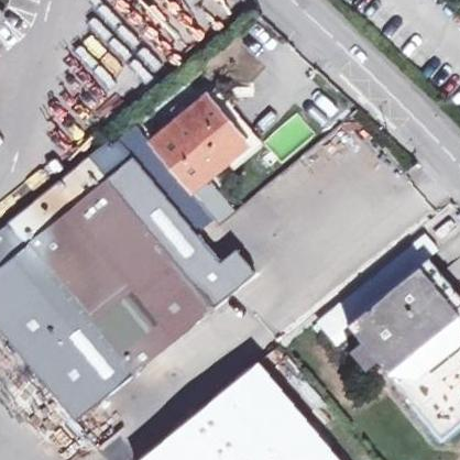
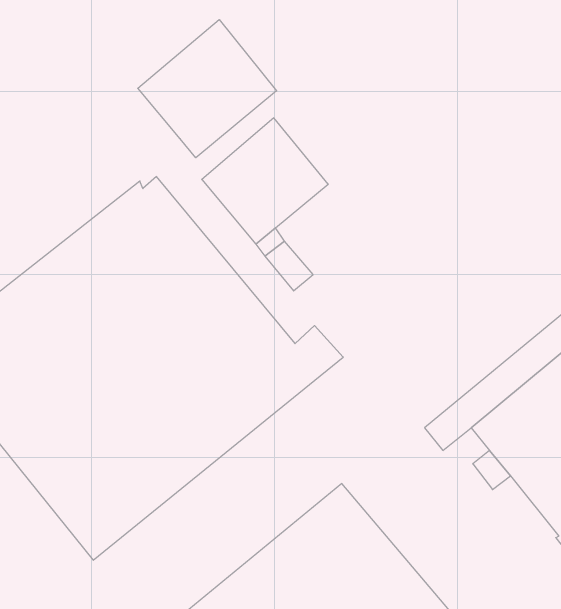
building: none -> [138,20,277,158]

